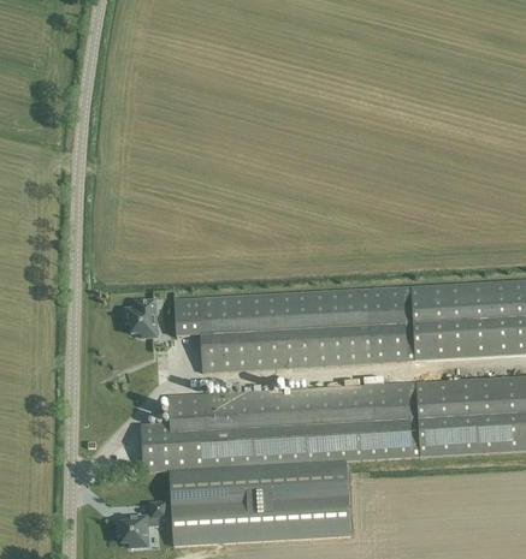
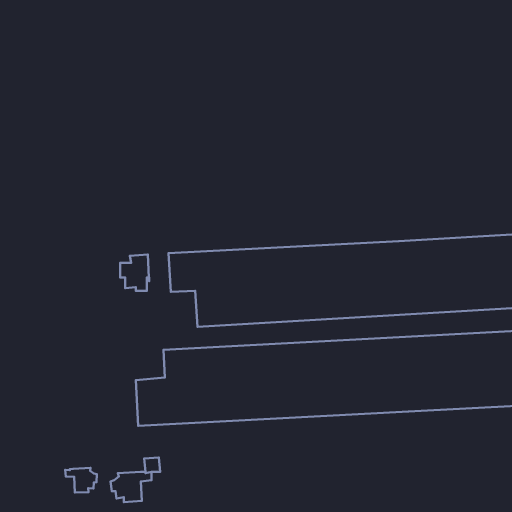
building: [170,462,350,546] -> none
building: none -> [65,468,97,493]

